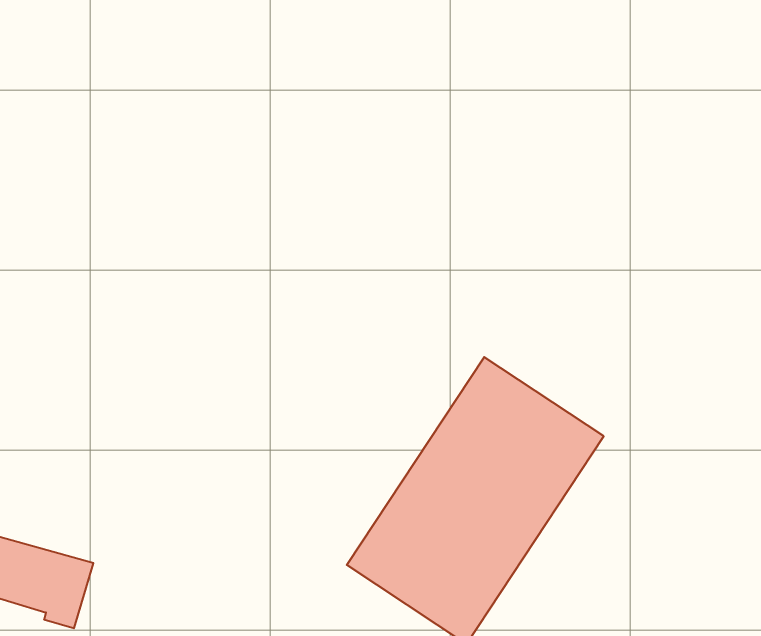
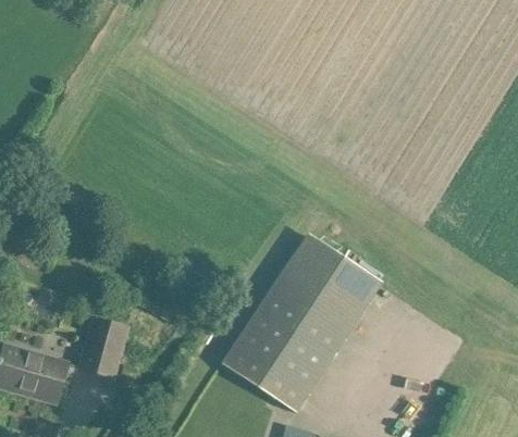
building: none -> [79,317,127,377]

